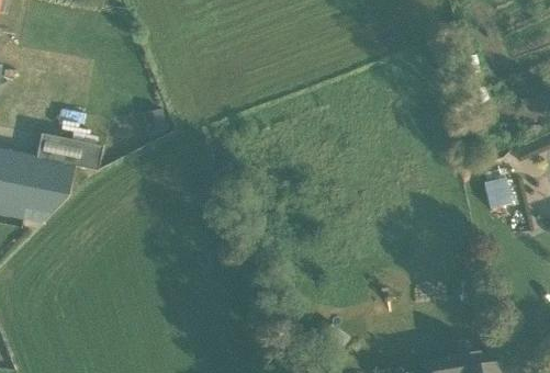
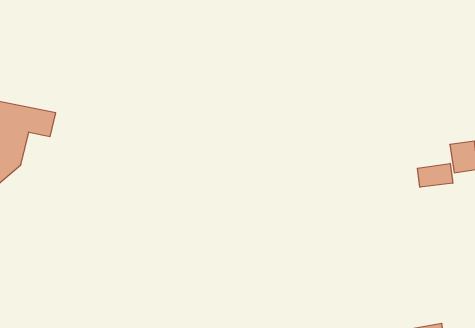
building: none -> [417,163,453,187]

